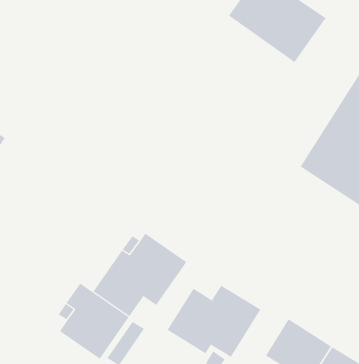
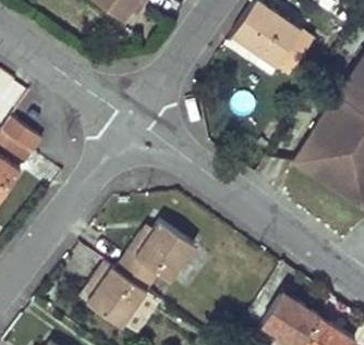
building: [167,285,261,358] -> none

